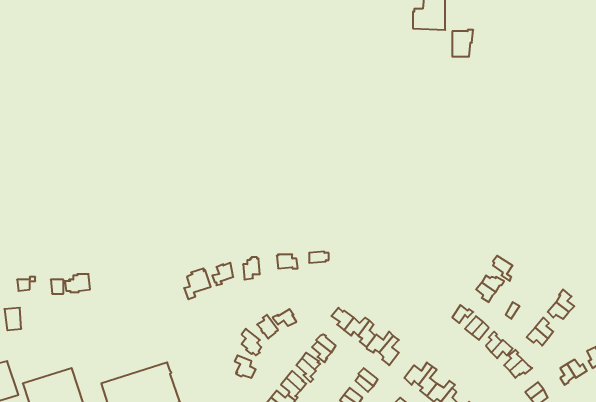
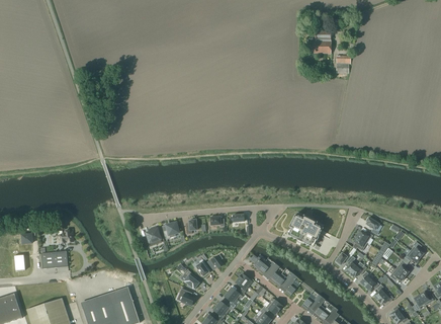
building: none -> [285,211,323,246]
building: none -> [40,251,67,268]

